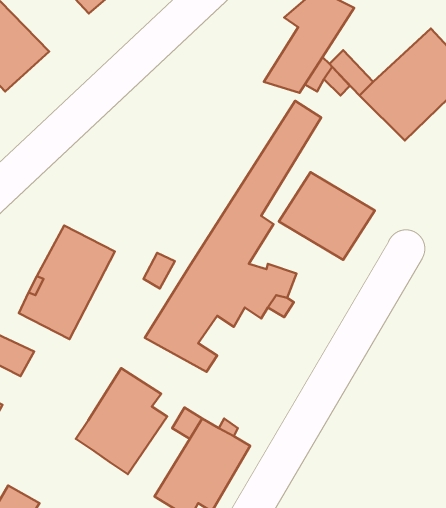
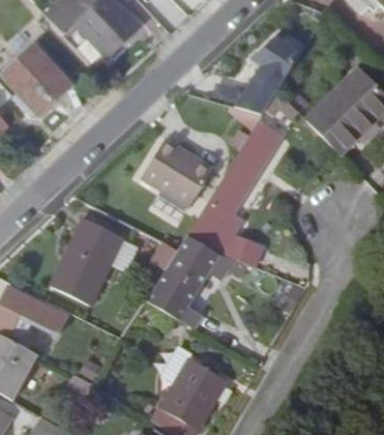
building: [279,172,375,260] -> [145,136,217,202]
building: [76,368,167,474] -> none

